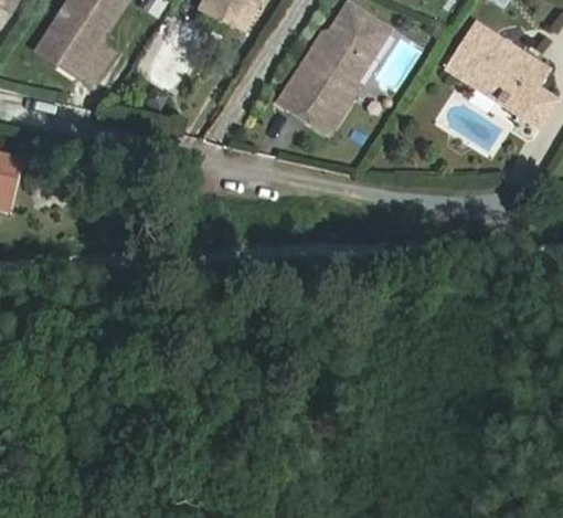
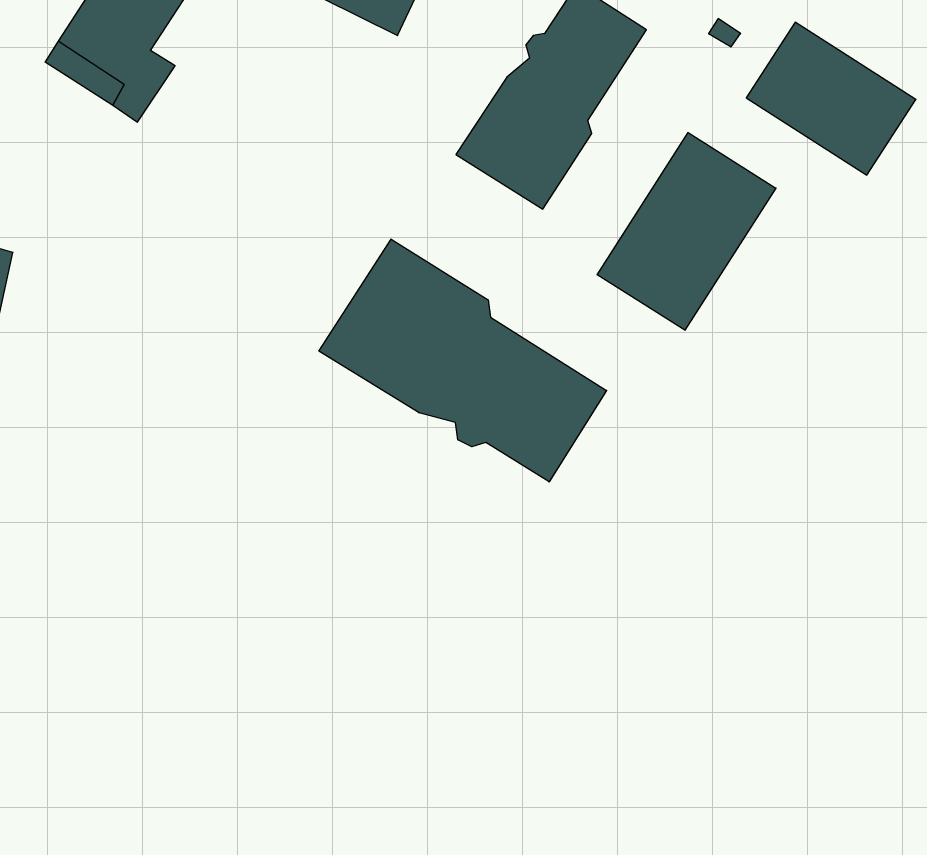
building: none -> [597,133,776,330]
building: none -> [319,239,607,482]

